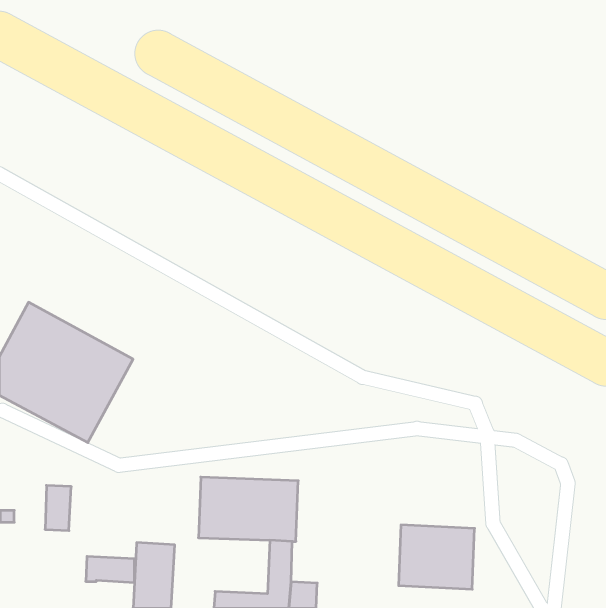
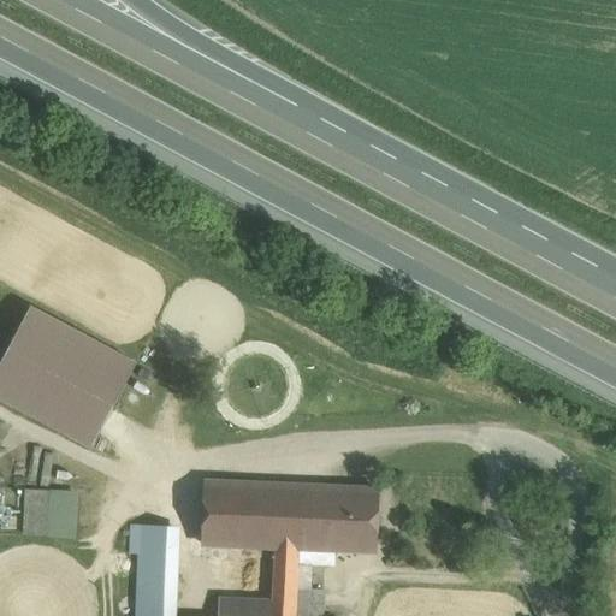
building: none -> [23,490,47,535]
building: [399,525,475,589] -> [300,486,377,551]
building: [86,556,134,583] -> [128,525,177,551]

